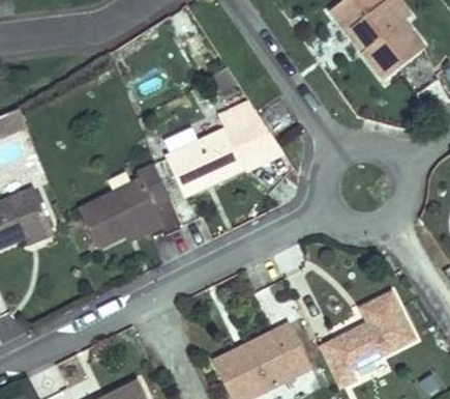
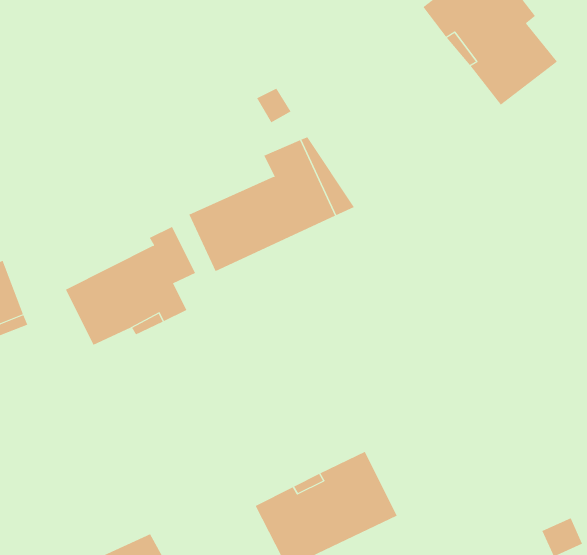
building: [319,290,415,387] -> none

